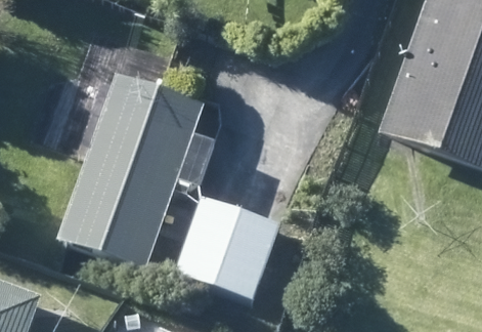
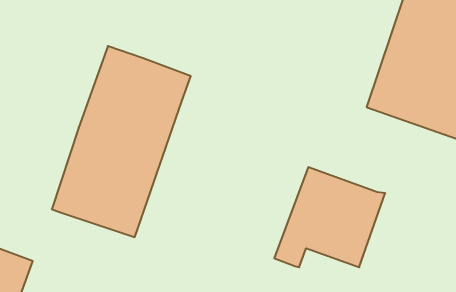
building: [167,195,280,297] -> [274,167,385,267]

